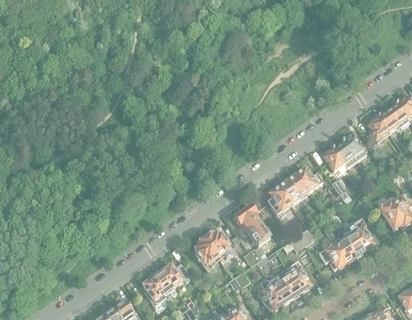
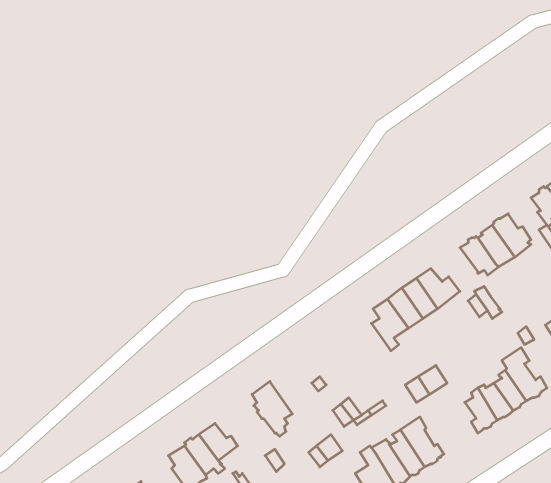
building: [235,205,271,247] -> none
building: [205,231,233,258] -> none

